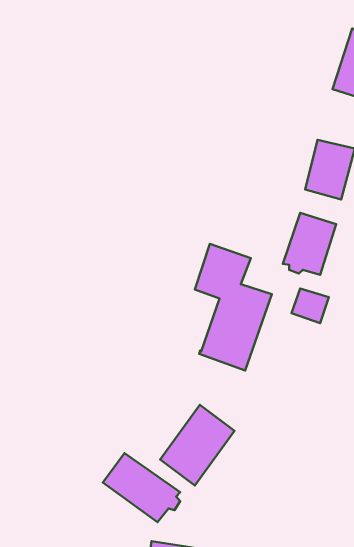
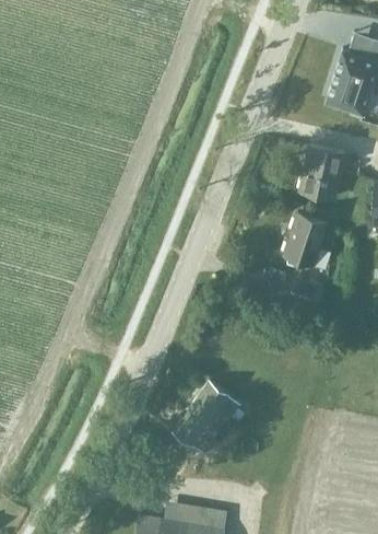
building: [195,244,272,370] -> none
building: [103,453,180,522] -> none

